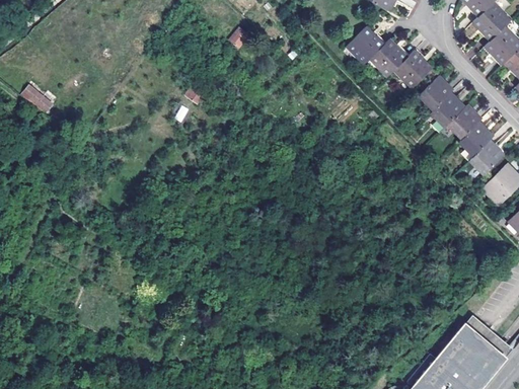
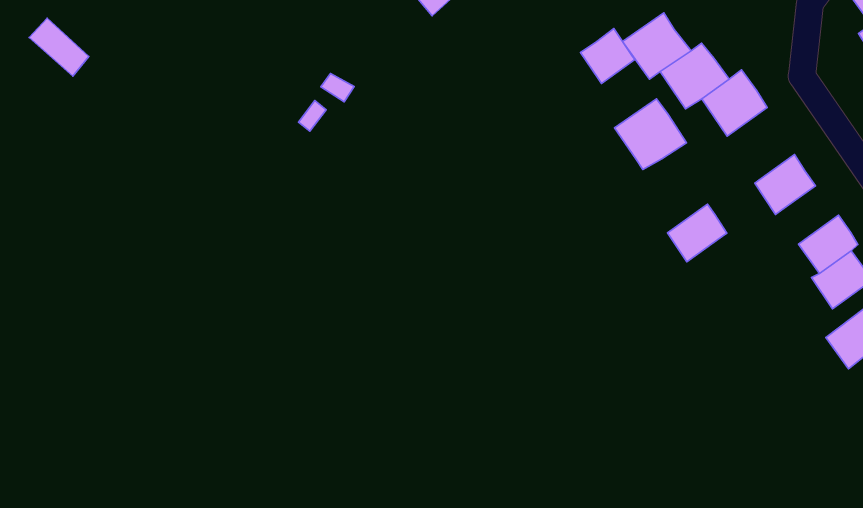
building: none -> [580,29,635,84]
building: none -> [614,99,686,170]
building: [419,76,451,109] -> [668,204,727,262]
building: [447,104,480,138] -> none

